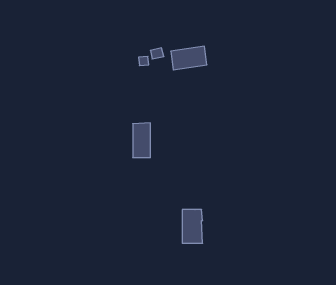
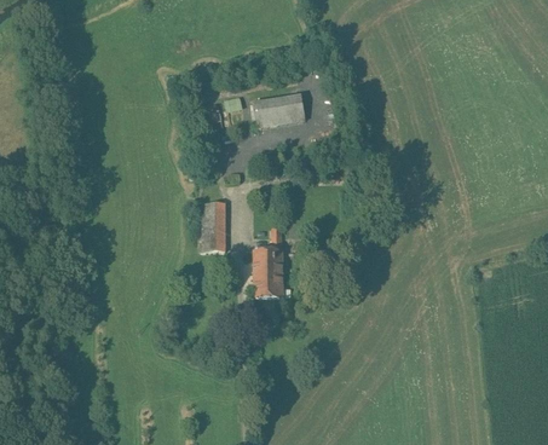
building: [182,210,203,243] -> [254,250,283,299]

